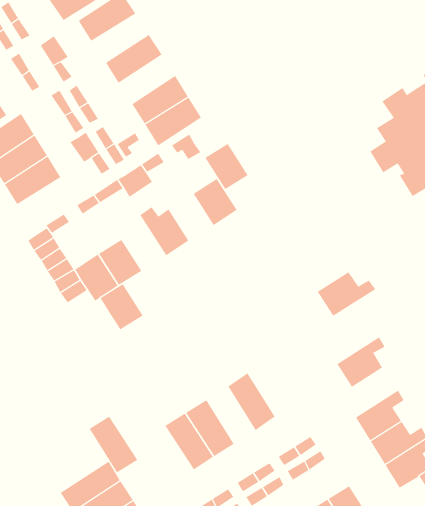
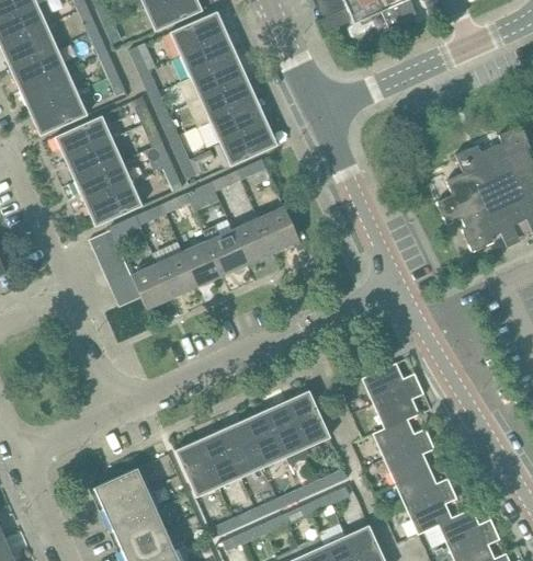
building: none -> [180,34,238,78]
building: none -> [201,78,258,122]
building: [204,143,248,190] -> [233,218,273,263]
building: none -> [84,183,143,227]
building: [317,272,376,317] -> [362,363,420,404]
building: [99,284,144,330] -> [182,241,223,286]
building: none -> [286,390,330,447]
building: none -> [373,414,431,459]
building: none -> [242,411,285,468]
building: [89,416,138,473] -> [175,440,219,497]

